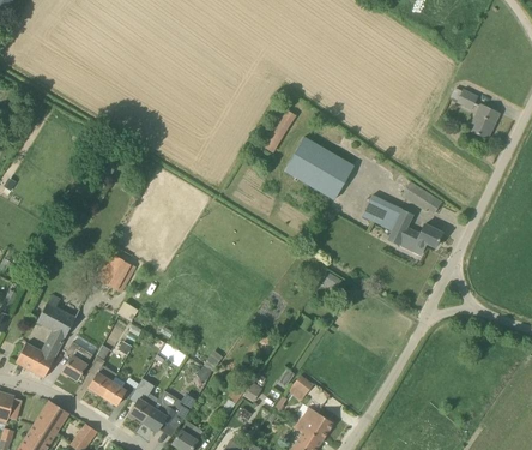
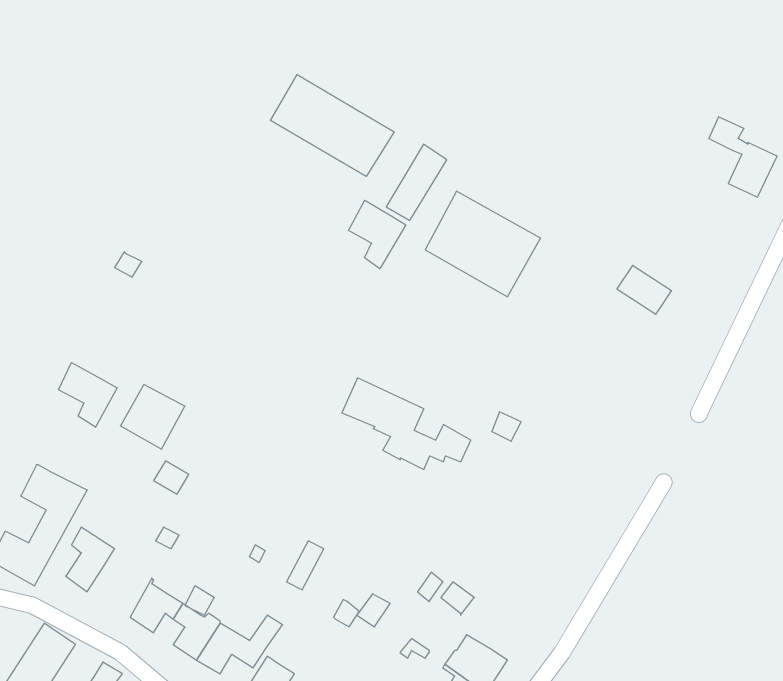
building: none -> [271,74,394,176]
building: none -> [349,200,406,269]
building: [362,196,441,252] -> [342,378,471,470]
building: none -> [58,363,117,427]
building: [87,346,115,397] -> none

